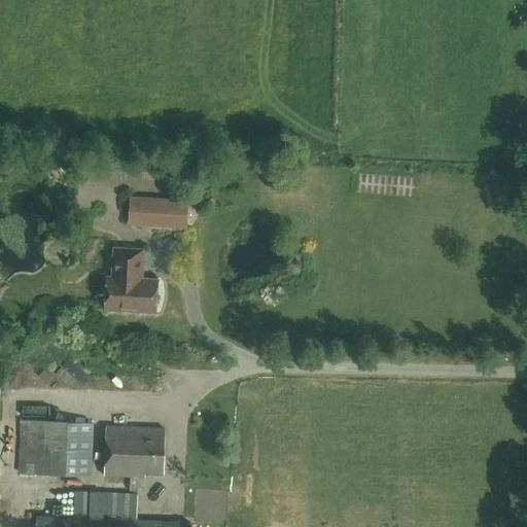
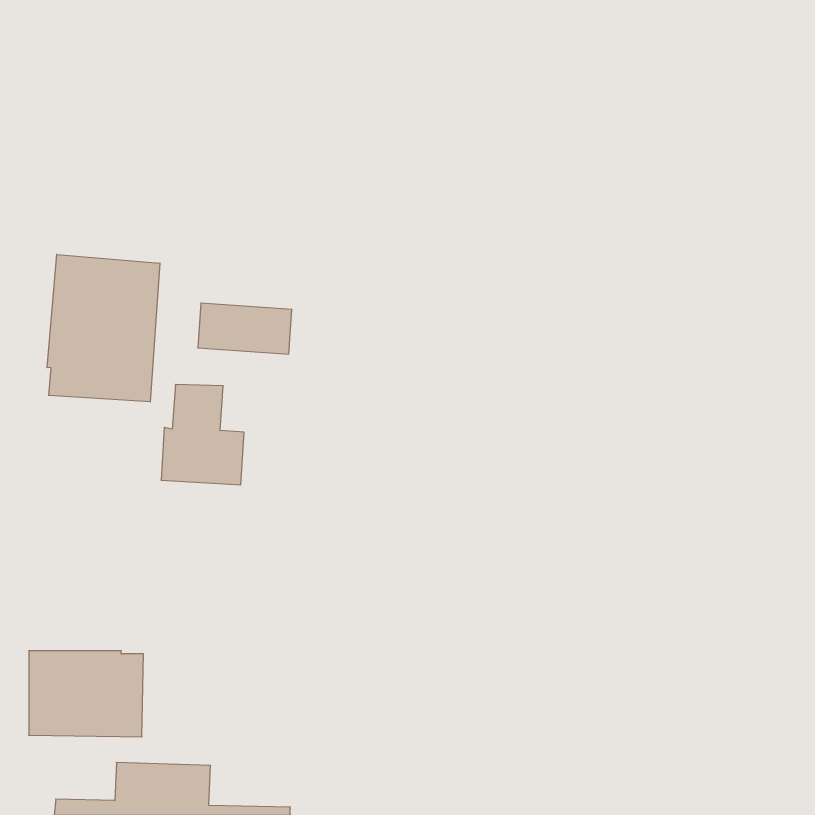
building: none -> [47,254,160,402]
building: [104,427,164,477] -> none

